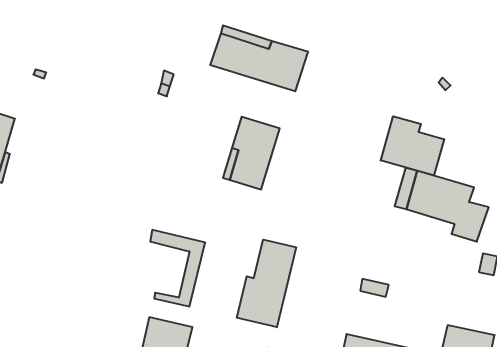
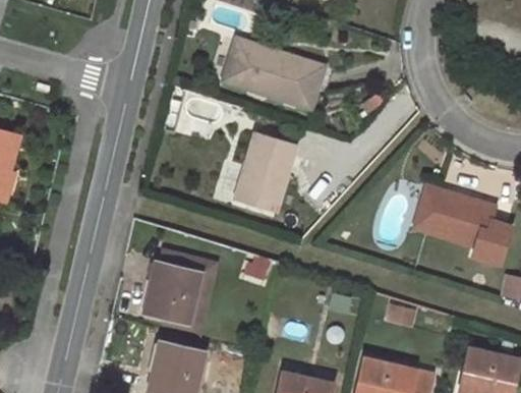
building: [381,116,444,176] -> none
building: [237,240,296,327] -> none
building: none -> [142,262,200,321]

